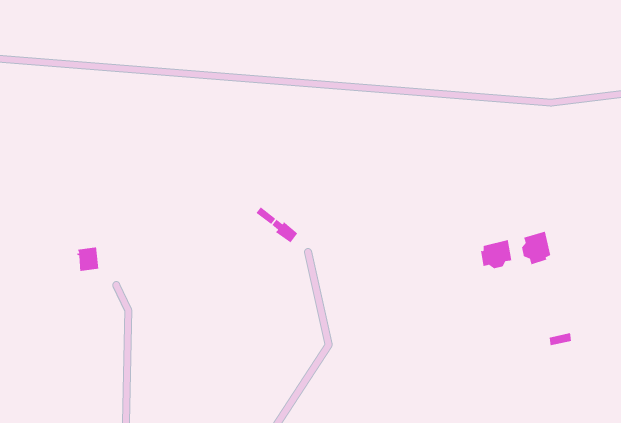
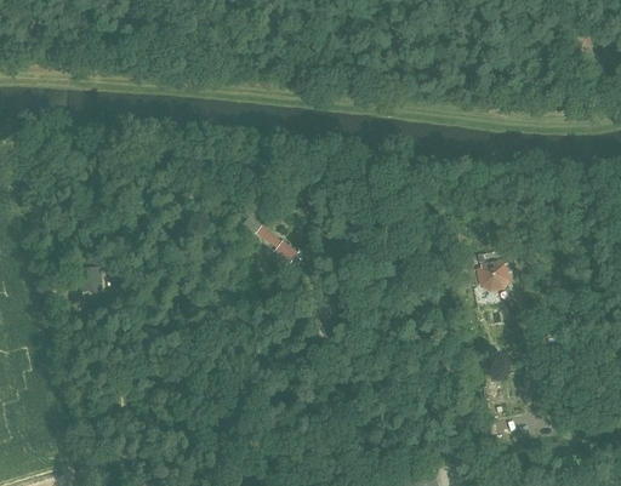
building: [521,231,551,265] -> none

